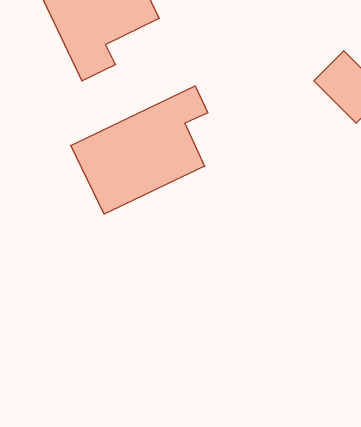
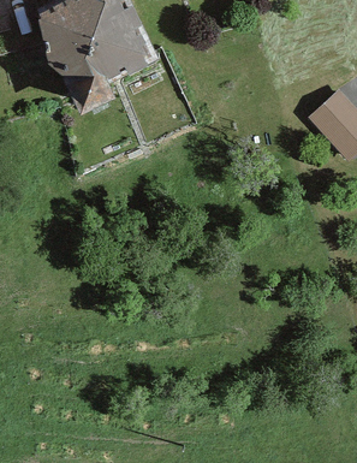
building: [71,86,208,214] -> none

